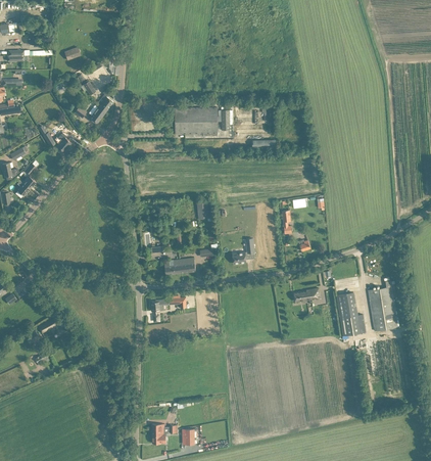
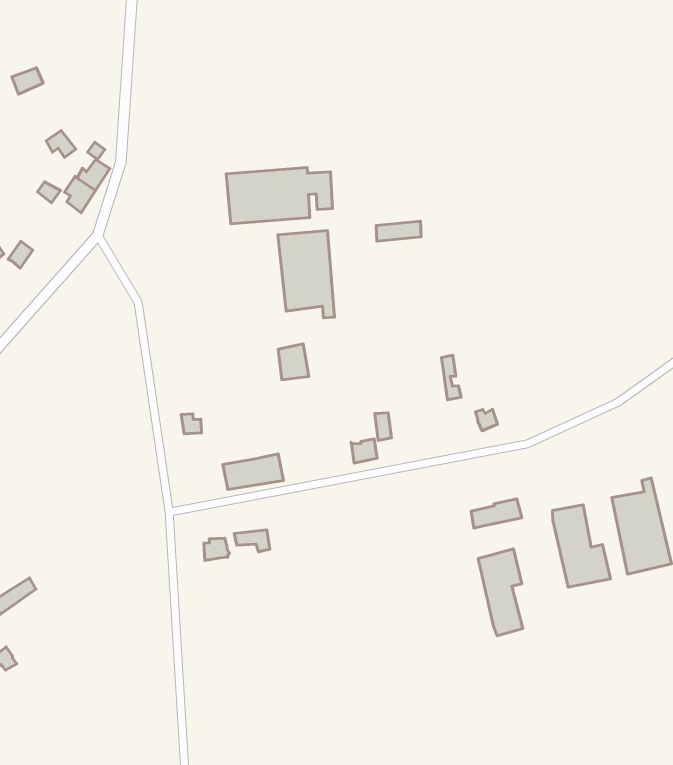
building: none -> [278,231,335,318]
building: none -> [478,549,523,636]

